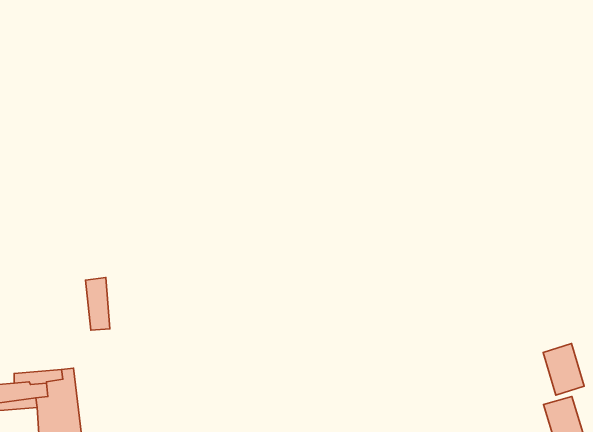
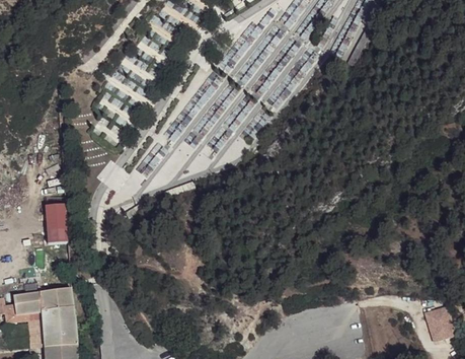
building: [86,277,110,330] -> [46,201,64,240]
building: [543,344,584,395] -> none

